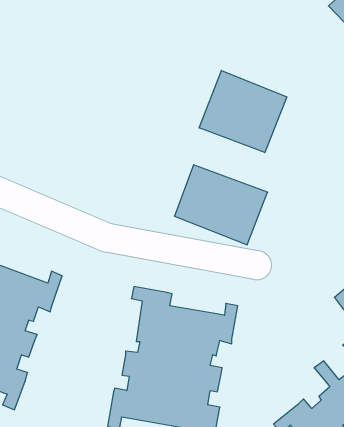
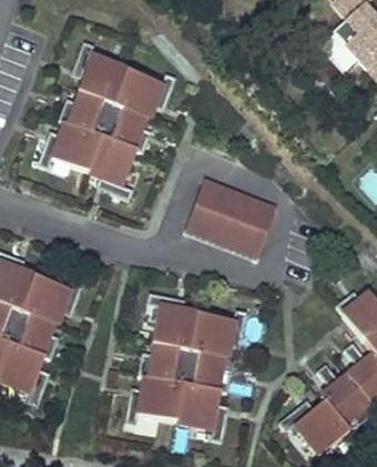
building: none -> [35,42,175,200]
building: [199,70,287,153] -> none

